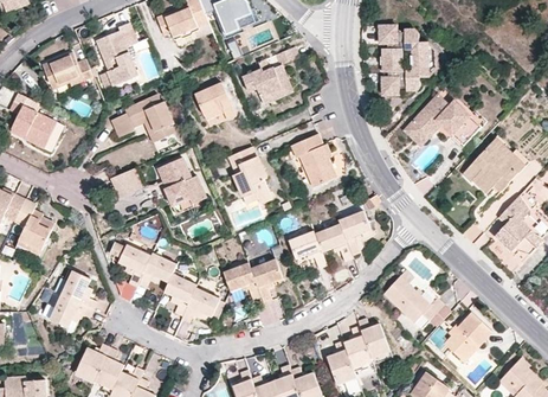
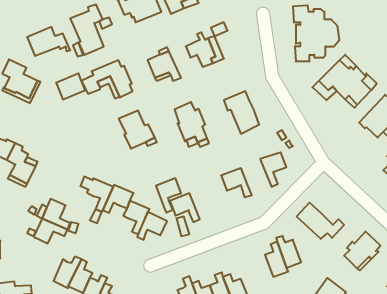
building: [110,166,147,199] -> [56,73,85,99]
building: [314,223,353,261] -> none
building: [250,258,282,302] -> [156,178,181,213]
building: [327,340,356,384] -> none

